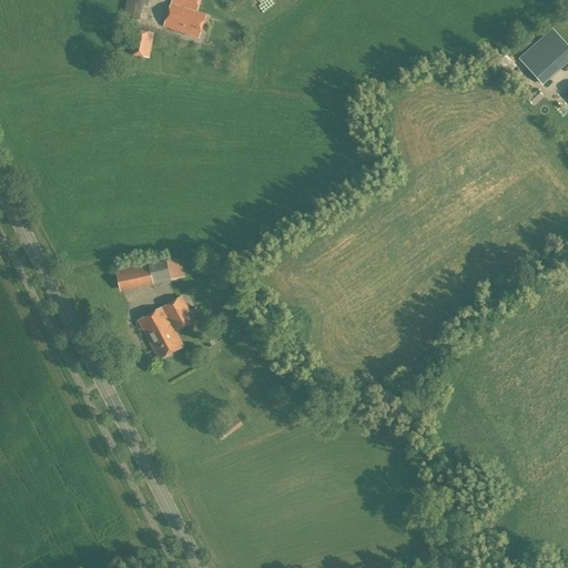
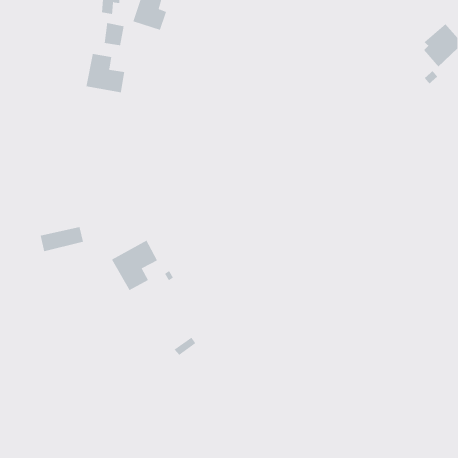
building: none -> [86,53,125,93]
building: [115,258,170,290] -> [40,227,84,252]

